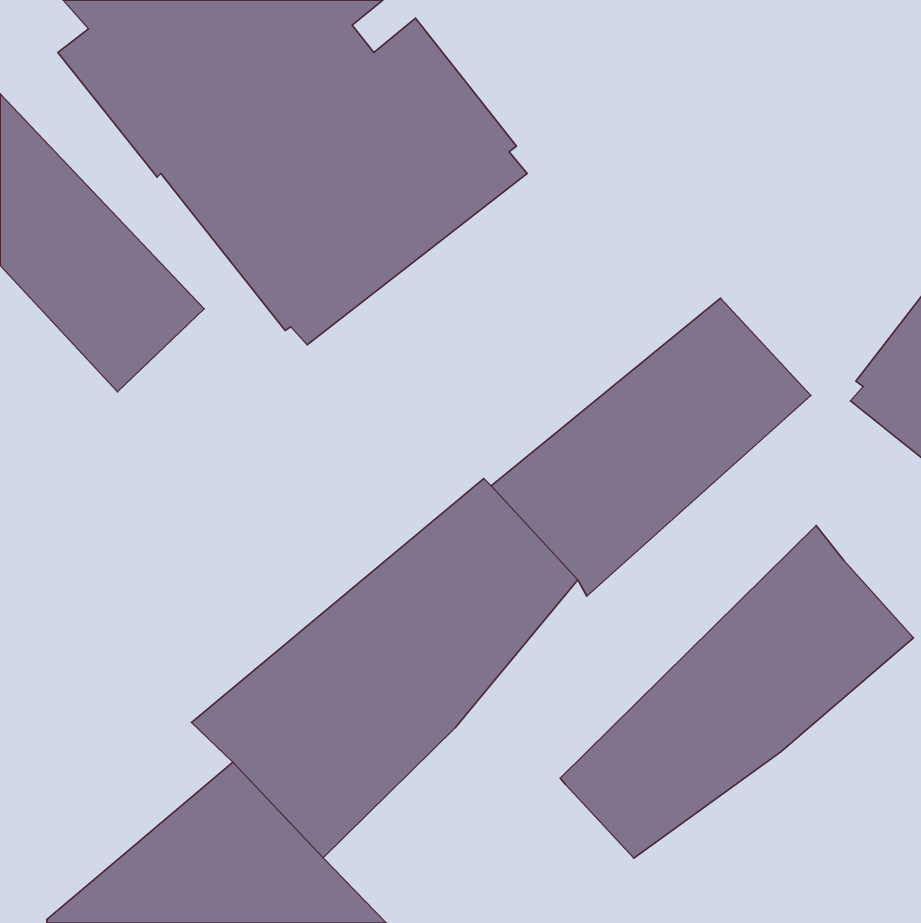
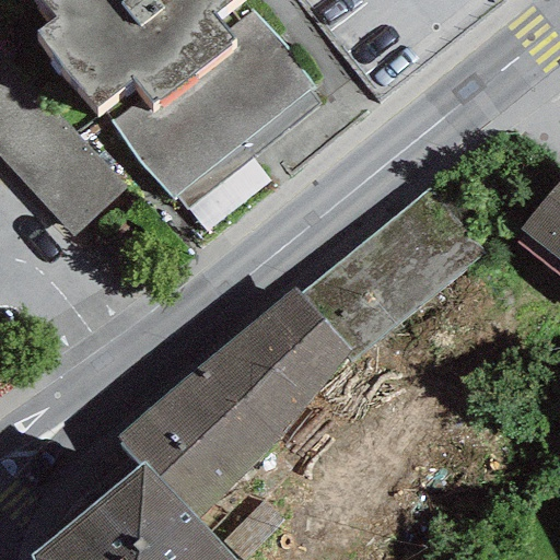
building: [560,525,914,858] -> none

